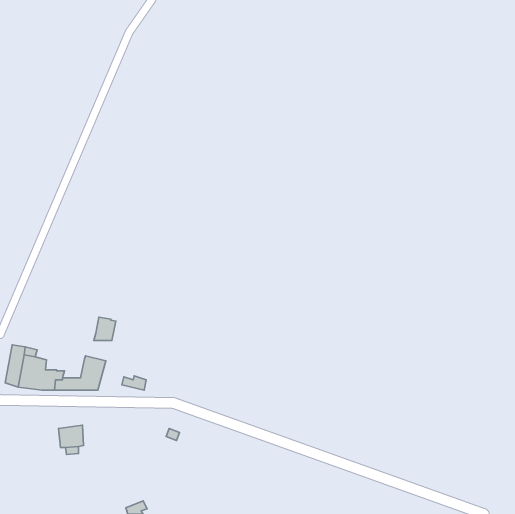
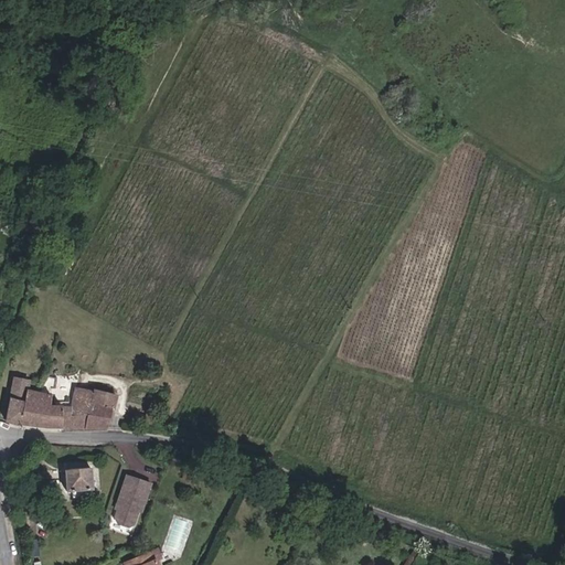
building: [94,317,116,340] -> [68,388,93,414]
building: none -> [115,475,150,526]

